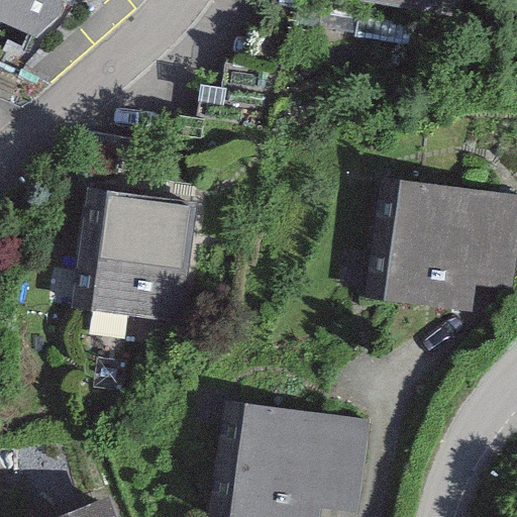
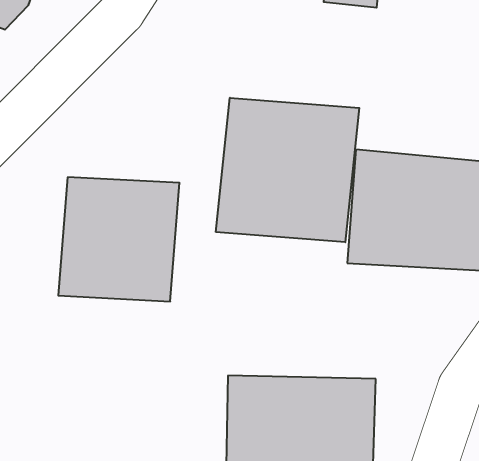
building: none -> [216,98,359,242]

